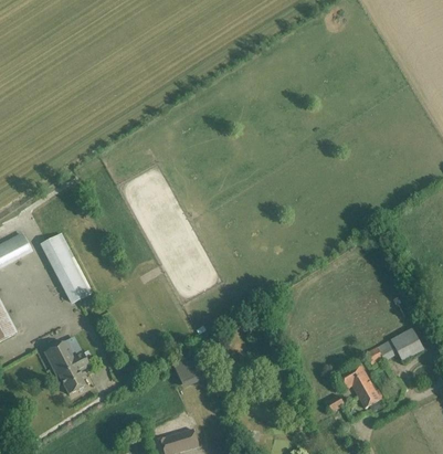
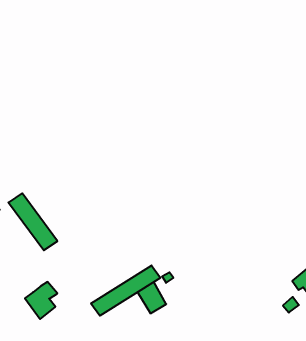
building: none -> [91,265,160,316]
building: [60,350,89,393] -> none

